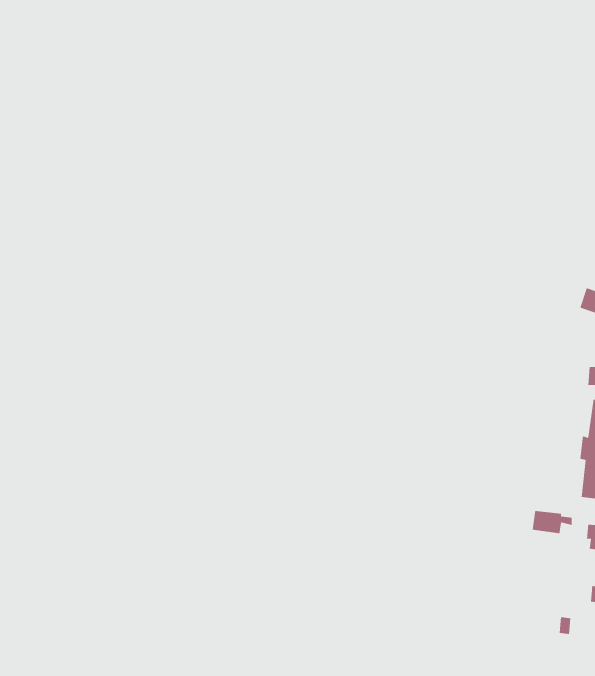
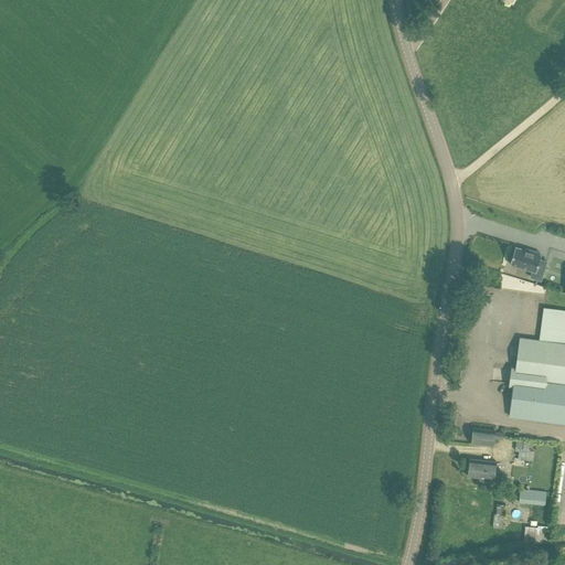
building: none -> [468,459,497,480]

